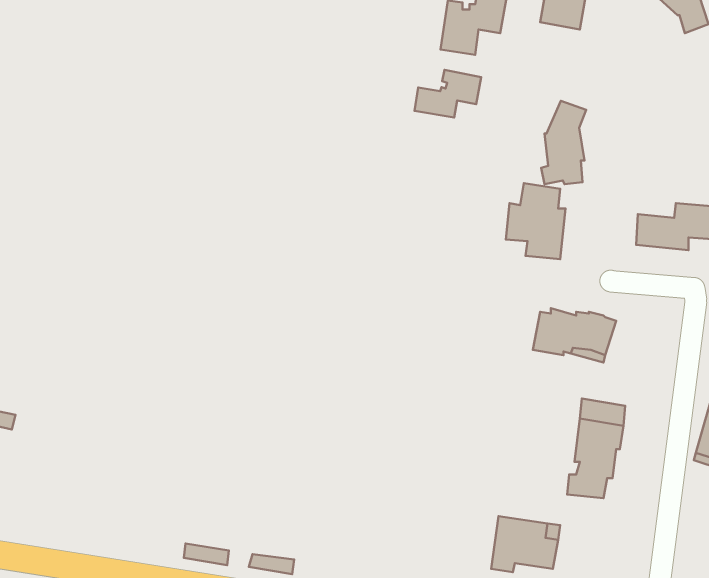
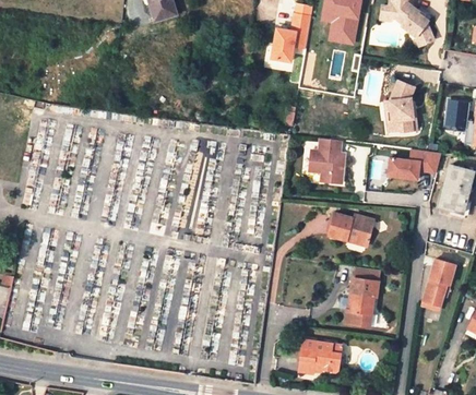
building: [414,70,481,118] -> none
building: [541,101,586,184] -> [388,82,415,132]

